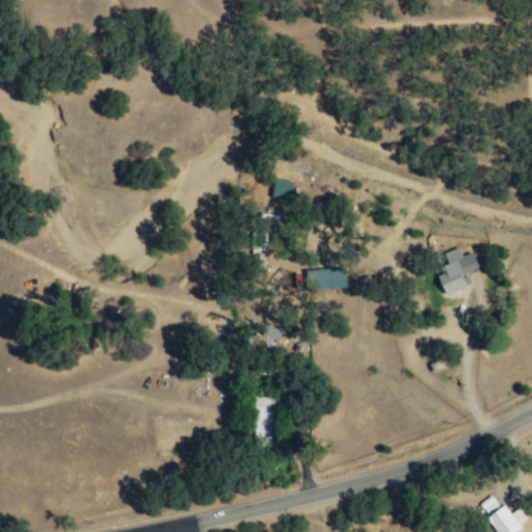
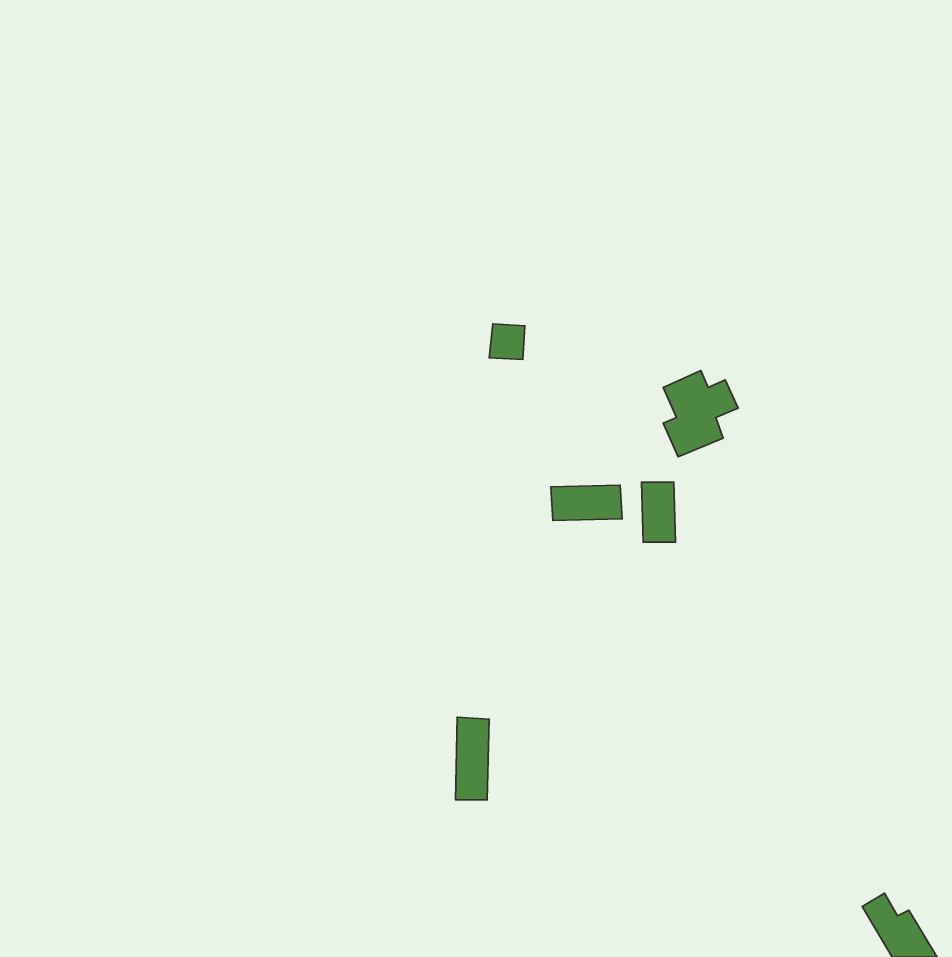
building: [440,247,481,295] -> [663,371,738,457]
building: none -> [642,482,676,542]

